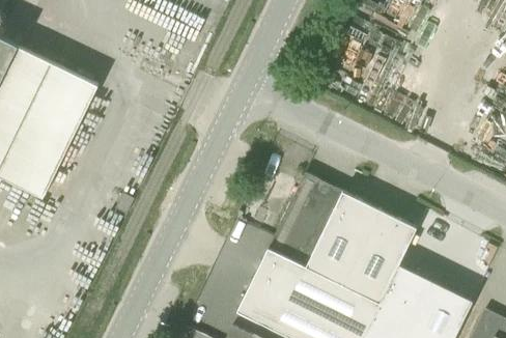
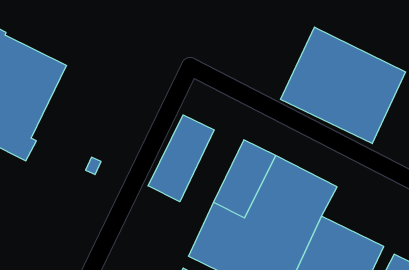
building: none -> [281,27,405,144]
building: none -> [148,115,214,202]

